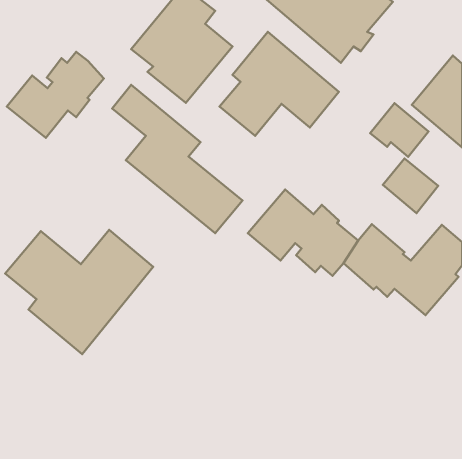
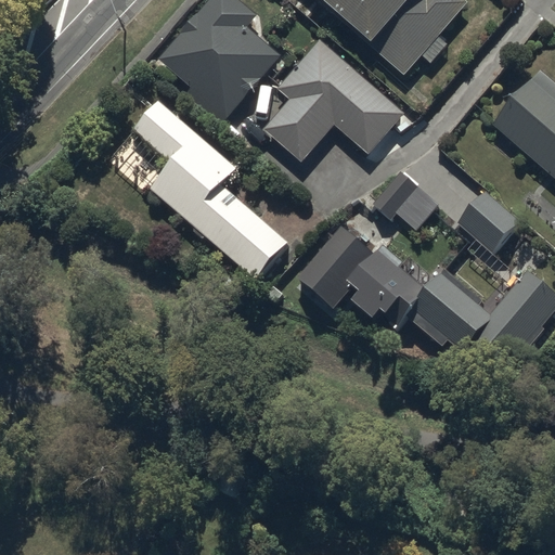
building: [7,52,104,138] -> none
building: [370,103,428,157] -> [369,167,438,231]
building: [5,230,153,354] -> none

